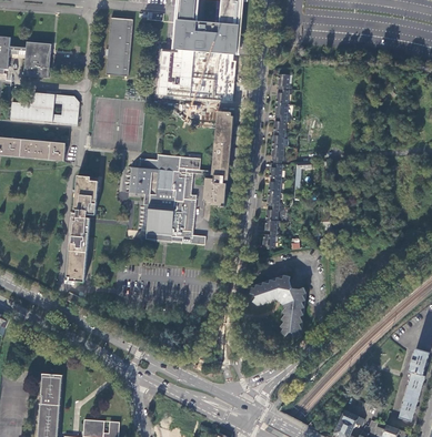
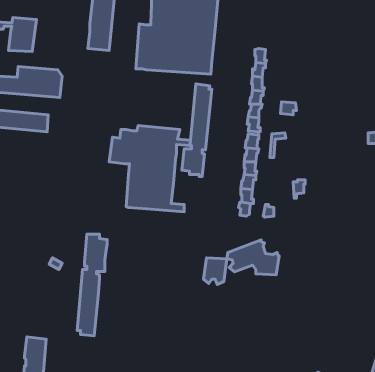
building: [66,175,97,281] -> [77,234,107,336]
building: [275,307,300,335] -> [203,258,227,285]

